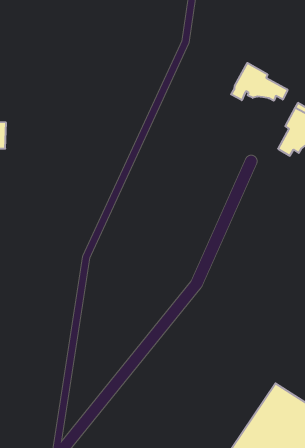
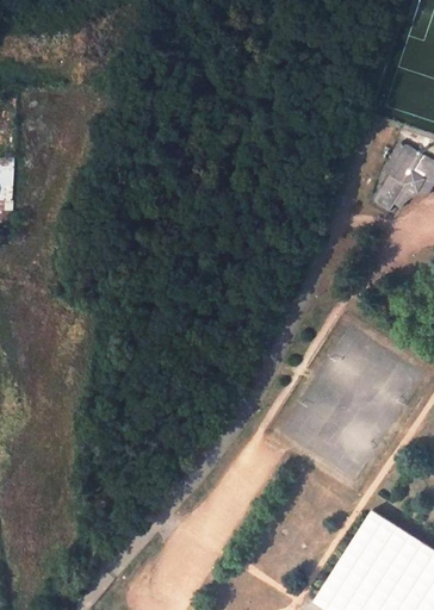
building: [231,63,287,101] -> none

